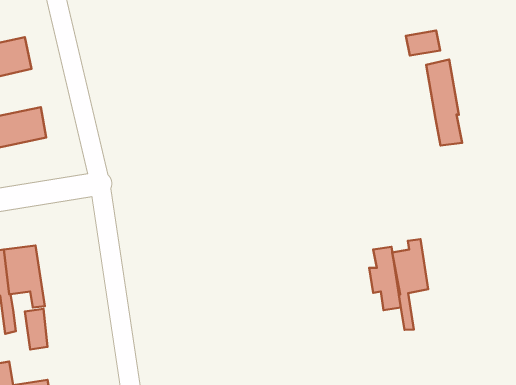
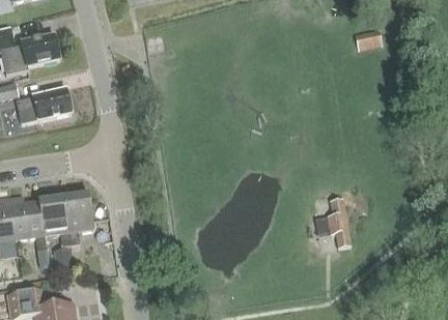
building: [426,60,462,146] -> none
building: [392,239,428,330] -> none
building: none -> [62,193,92,244]

